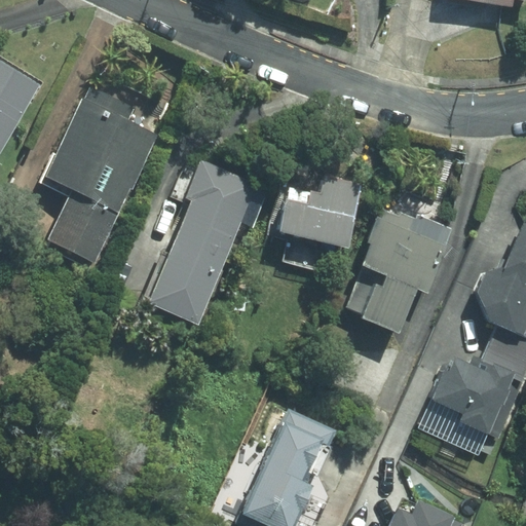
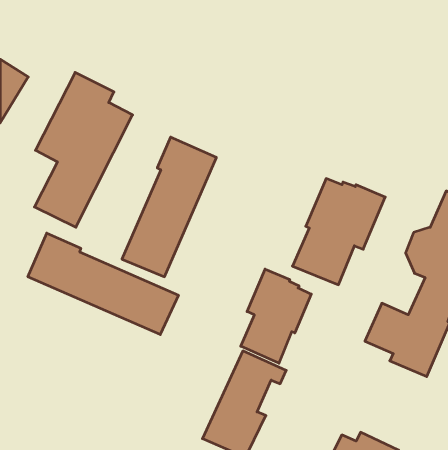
building: [278,176,362,248] -> none
building: none -> [28,233,178,335]
building: none -> [241,269,311,363]

